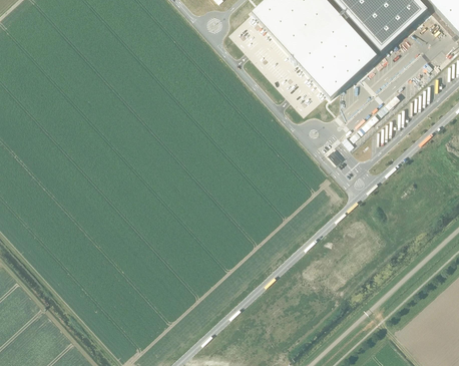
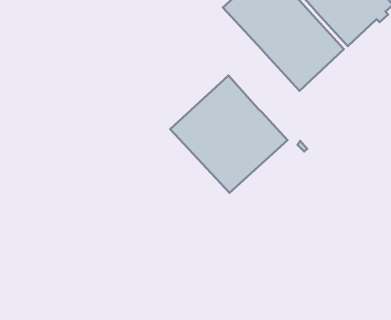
building: none -> [170,76,288,193]

